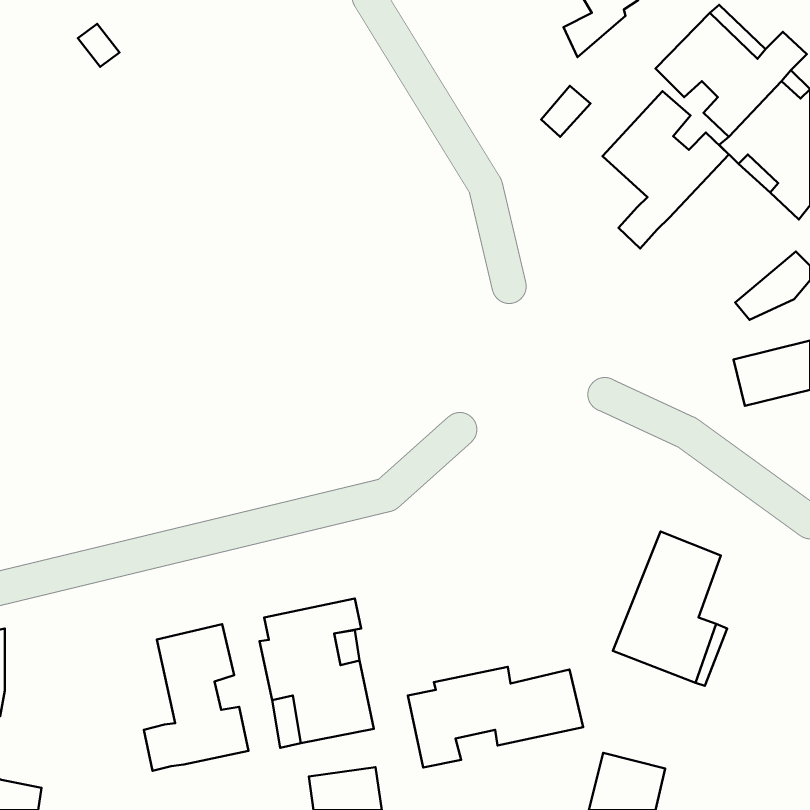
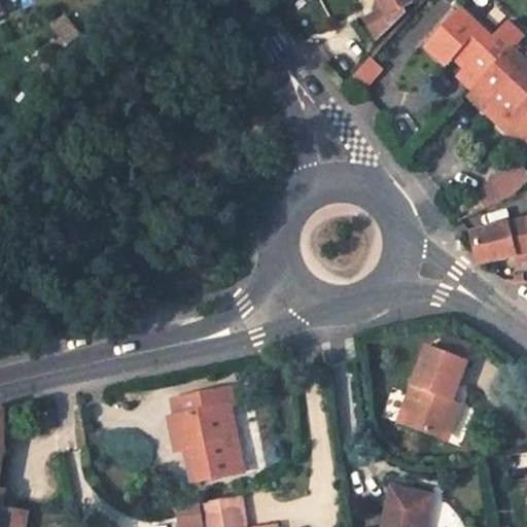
building: [603,91,729,249] -> none
building: [144,624,249,771] -> none
building: [408,667,583,768] -> none

